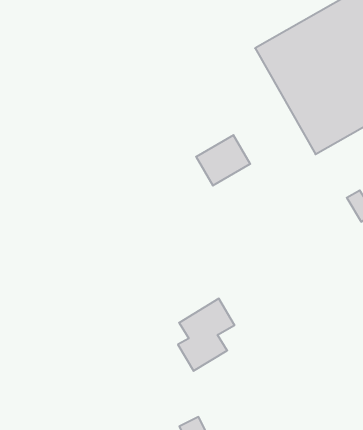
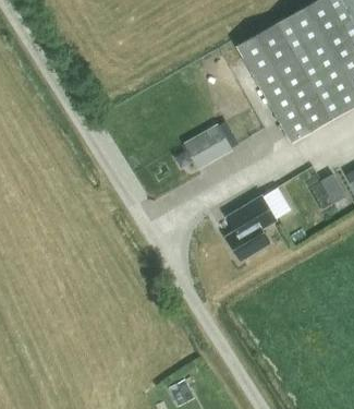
building: [178,299,235,371] -> [225,195,277,261]

